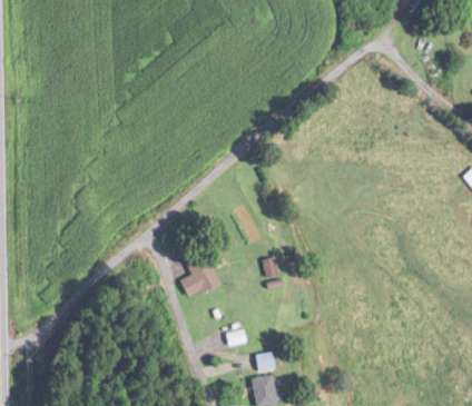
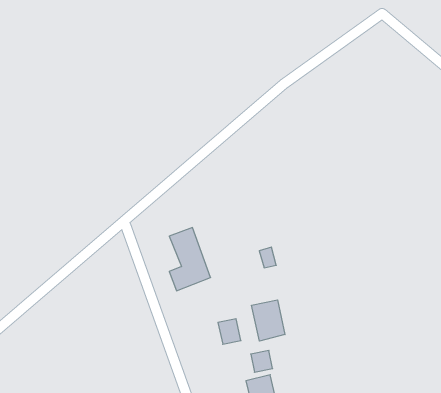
building: none -> [252,300,285,341]

